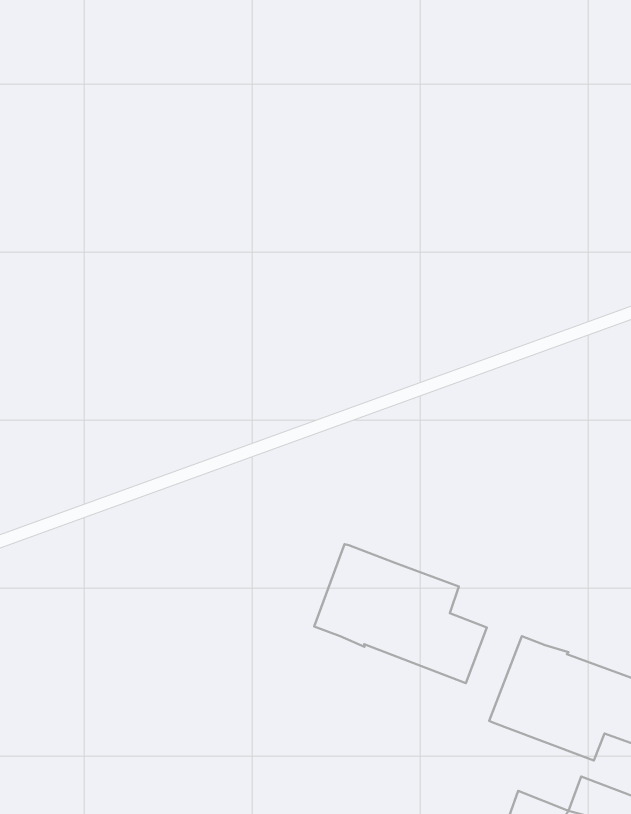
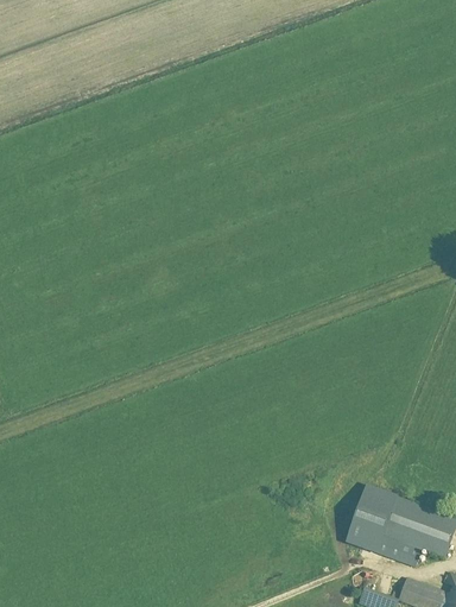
building: [314,544,487,683] -> none

